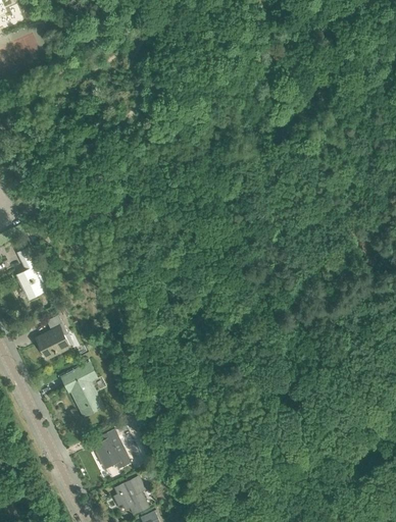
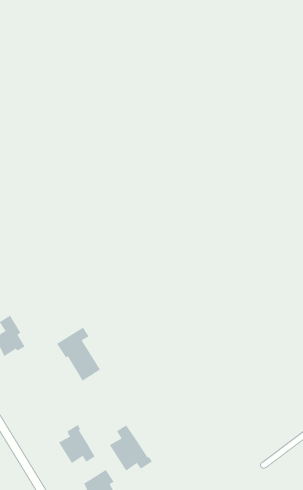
building: [60,361,102,415] -> [56,327,101,382]
building: none -> [109,424,153,471]

